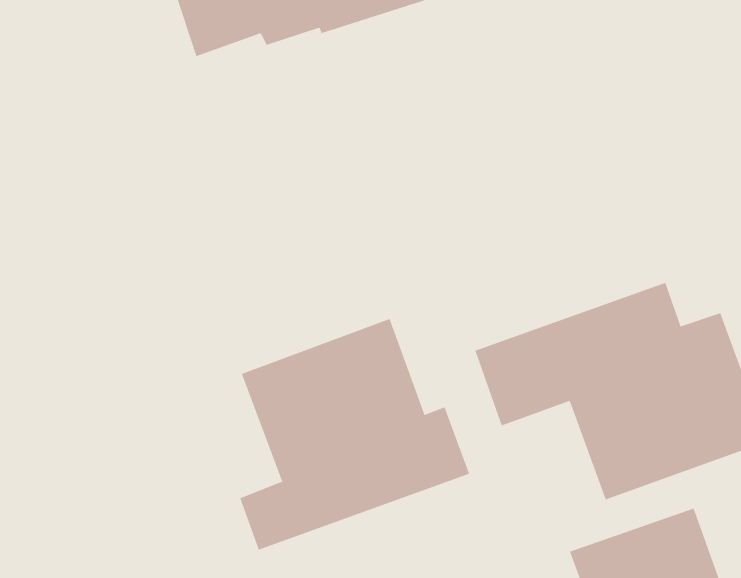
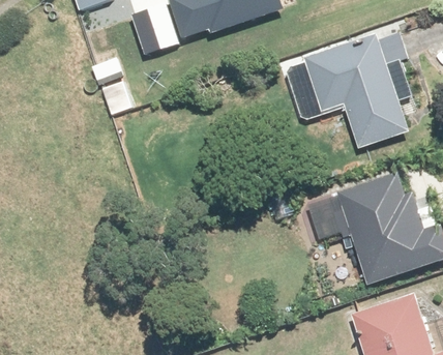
building: none -> [283,31,414,150]
building: [240,318,470,550] -> none

